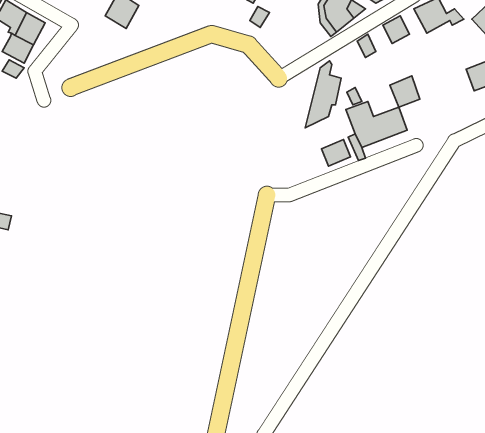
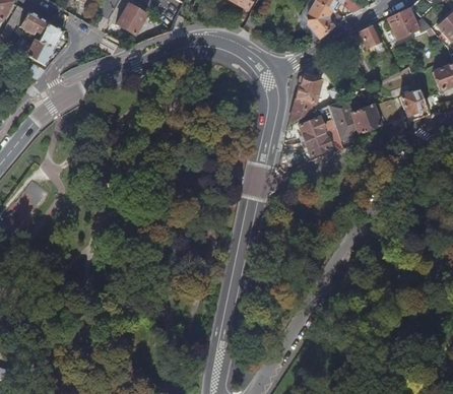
building: [390,76,420,107] -> [399,87,426,115]
building: none -> [300,116,325,140]

